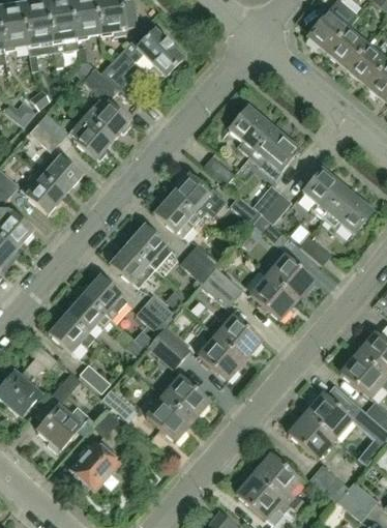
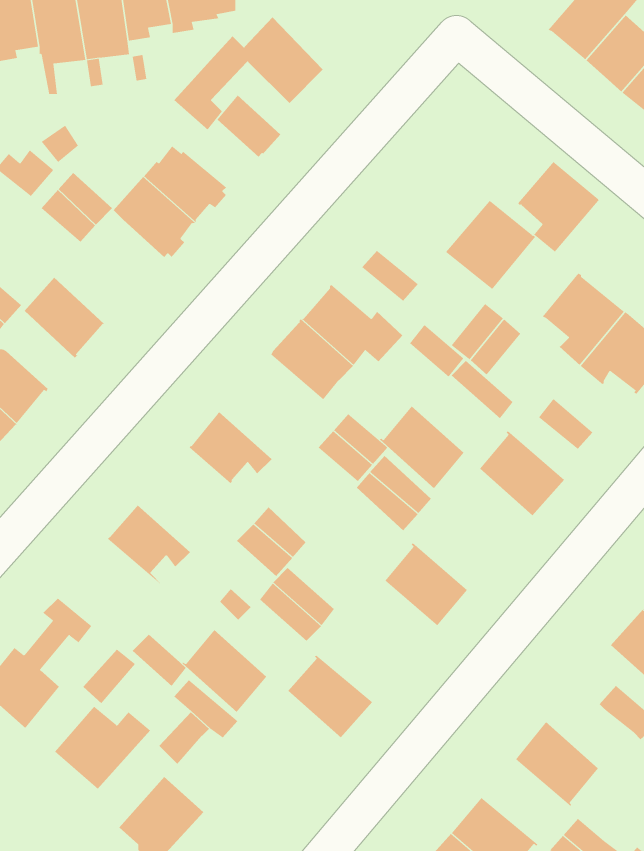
building: [83,68,118,102] -> [217,95,281,157]
building: [229,107,274,156] -> [517,161,601,252]
building: [36,152,82,196] -> none
building: [126,225,172,269] -> none
building: [250,274,297,320] -> [379,405,465,489]
building: [82,275,127,320] -> none
building: [49,313,94,352] -> none
building: [198,335,245,381] -> none
building: [304,392,352,438] -> none
building: [146,395,192,441] -> [182,629,267,713]

